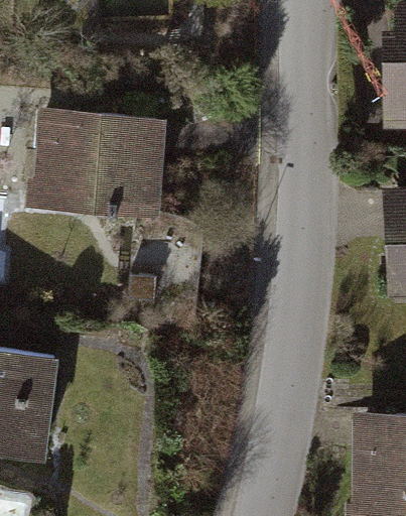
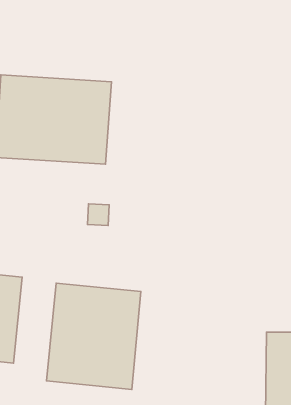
building: none -> [46,283,141,389]

